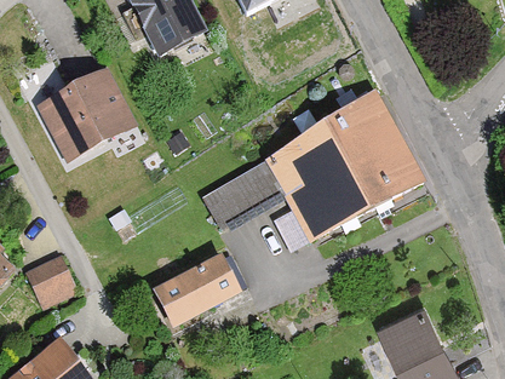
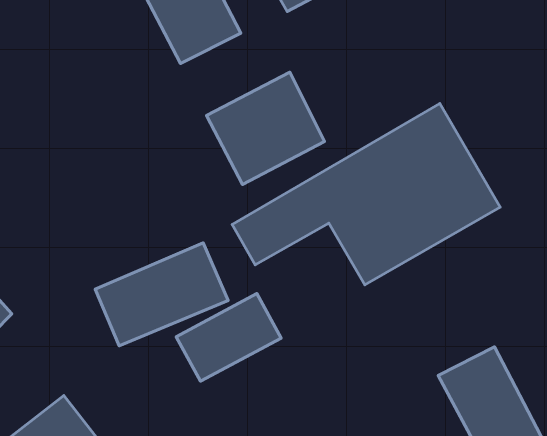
building: [38,67,137,161] -> [206,72,325,185]
building: none -> [95,243,228,346]
building: [24,253,78,310] -> none

